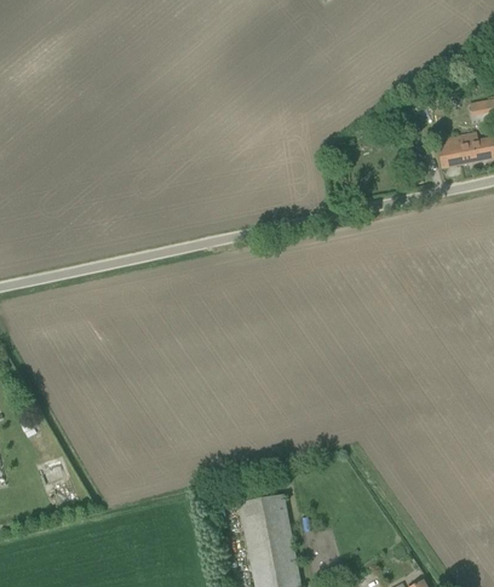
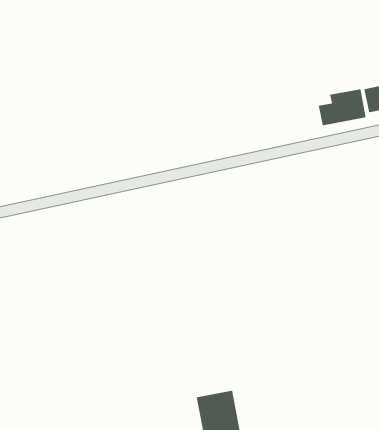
building: none -> [318,89,366,126]

